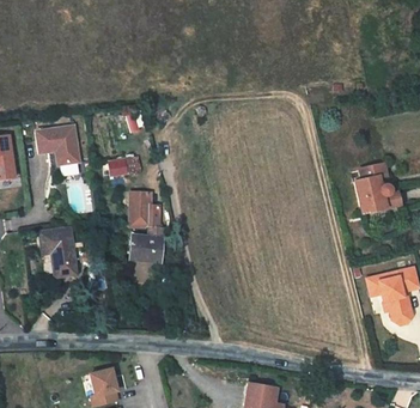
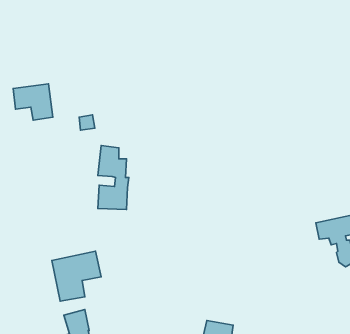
building: [353,160,398,213] -> none
building: [38,229,75,276] -> none
building: none -> [52,251,101,301]

